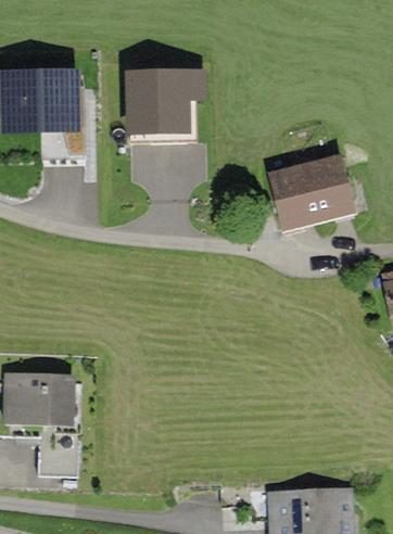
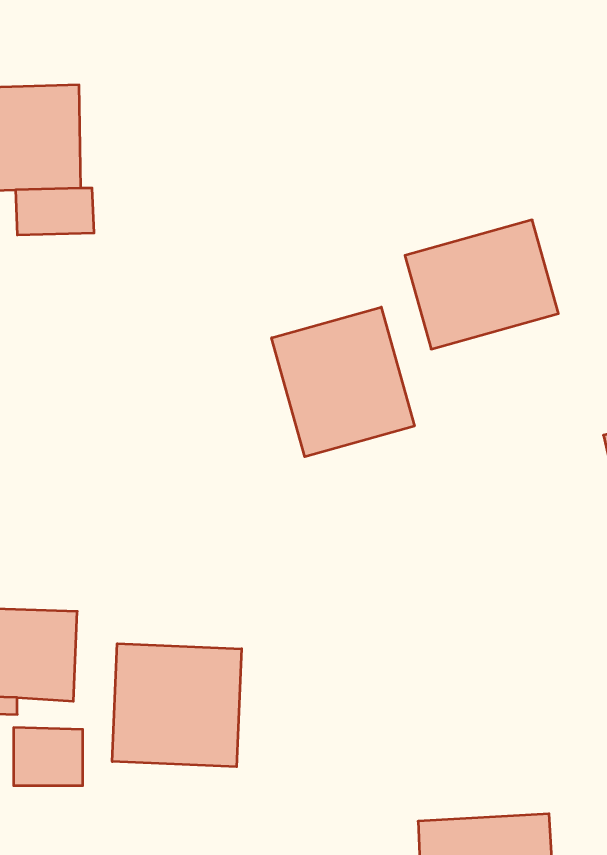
building: [127,68,208,136] -> none
building: none -> [272,307,414,457]
building: none -> [112,644,242,767]

